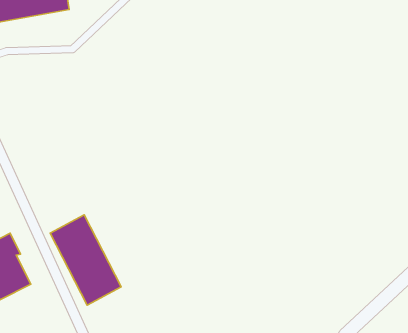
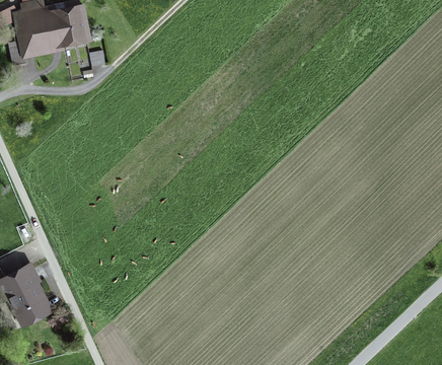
building: [50,215,121,305] -> none

